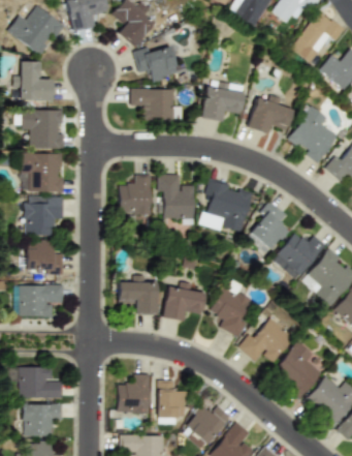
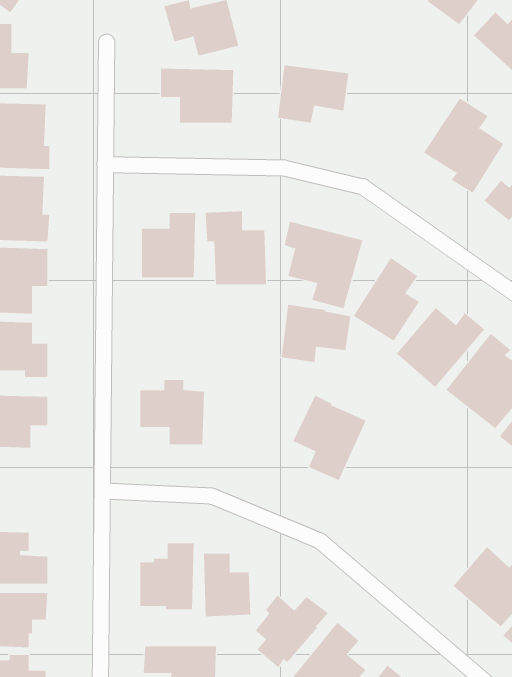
building: [247,95,292,133] -> none
building: [162,285,204,321] -> [281,304,351,363]
building: [237,317,294,362] -> none
building: [273,341,322,396] -> none

